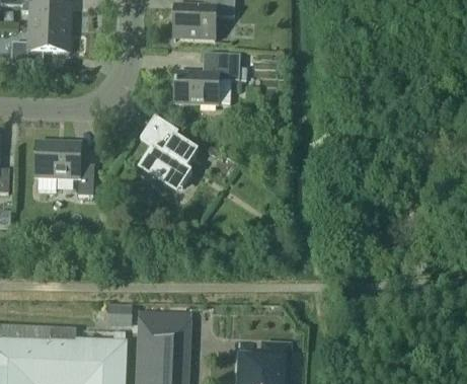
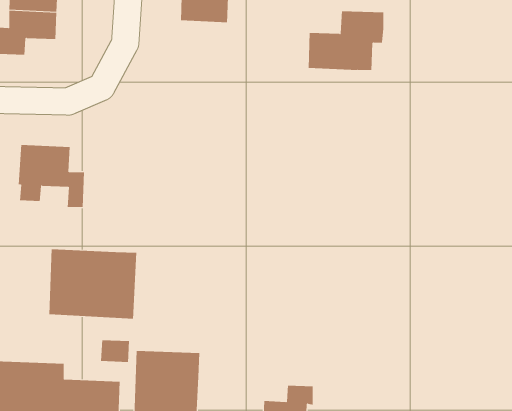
building: [175,52,240,102] -> [308,11,384,70]
building: [142,112,199,185] -> none
building: none -> [49,249,137,320]

